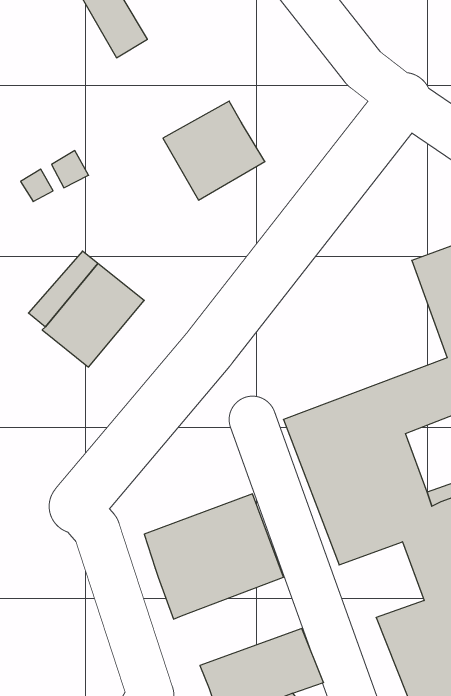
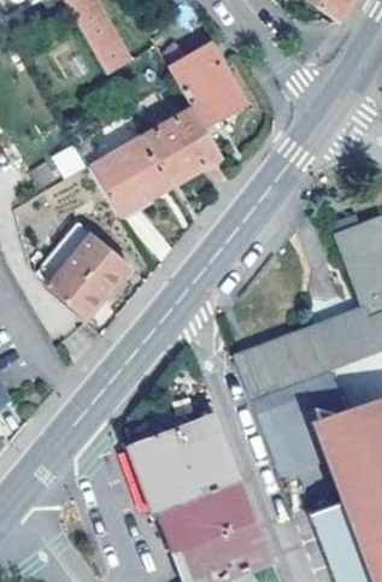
building: none -> [171,42,243,124]
building: none -> [92,136,171,214]
building: none -> [158,478,252,547]

